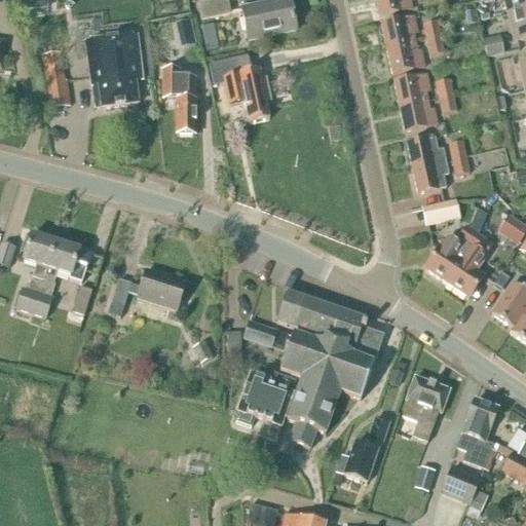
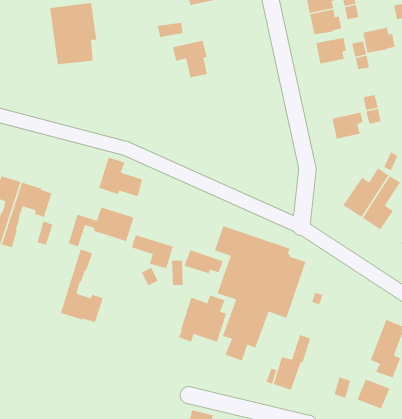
building: [46,67,70,106] -> none
building: [163,67,197,132] -> none
building: [400,99,438,129] -> [362,27,395,53]
building: [408,136,447,166] -> none
building: [422,195,461,223] -> none
building: none -> [98,157,143,197]
building: none -> [131,234,174,269]
building: none -> [60,249,104,323]
building: [403,375,450,441] -> none

